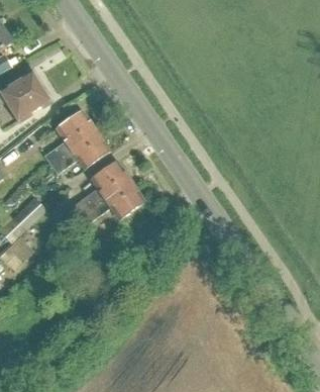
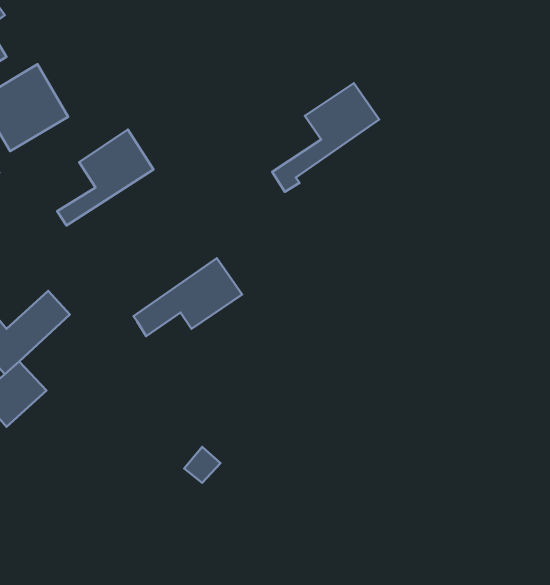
building: [46,130,109,176] -> none
building: [71,160,130,220] -> [272,83,379,192]

